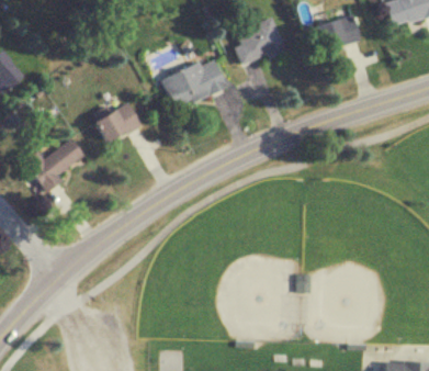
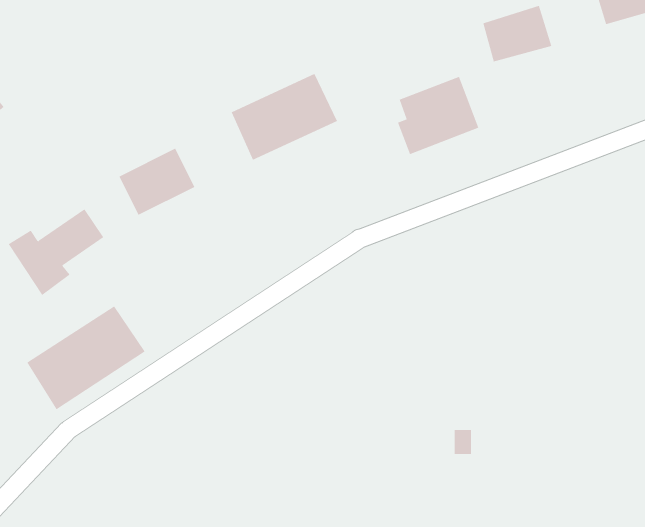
building: [235,16,285,65] -> [397,76,479,155]
building: none -> [27,306,145,410]

